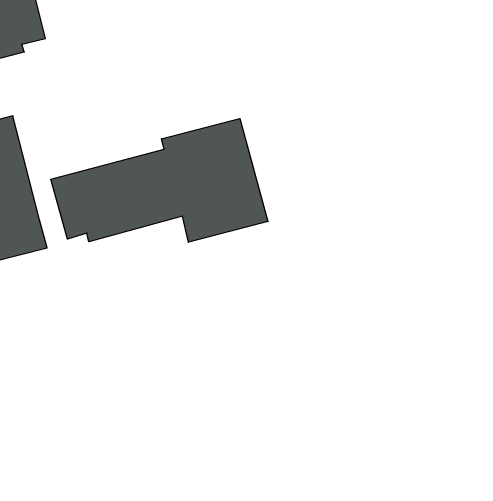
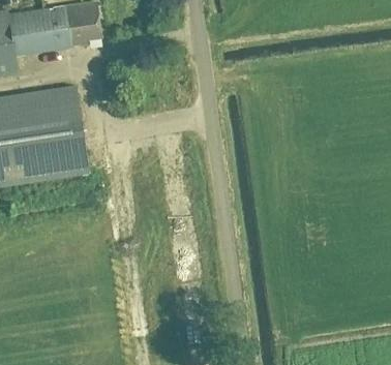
building: [51,119,268,242] -> none

